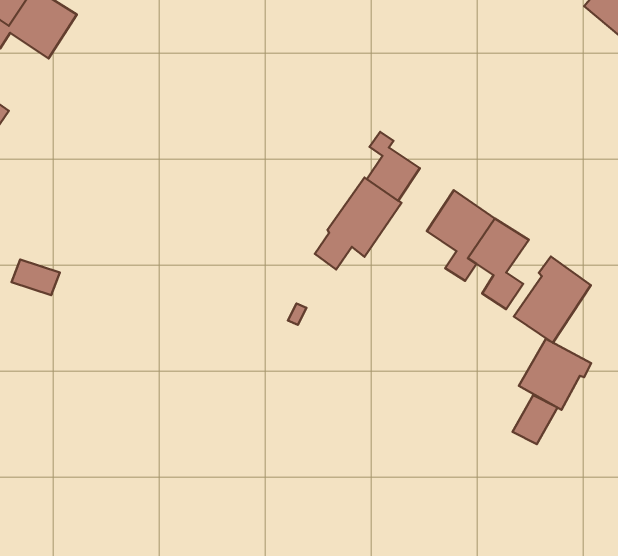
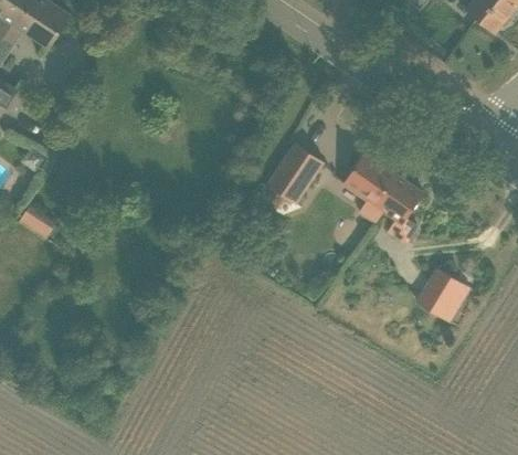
building: [367,132,420,201] -> none
building: [514,256,591,343] -> none
building: [512,395,558,444] -> none

